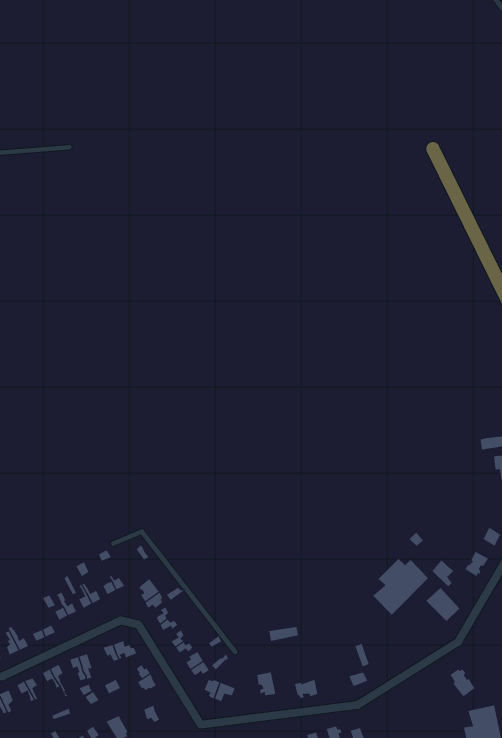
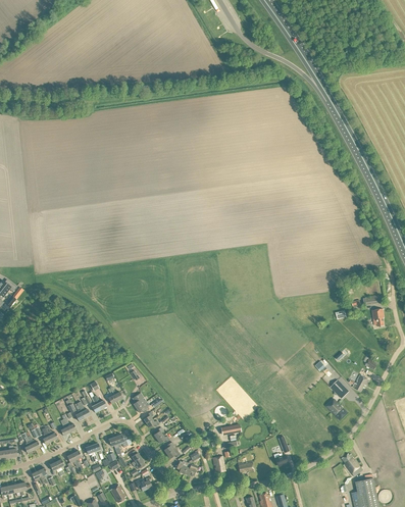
building: [372,558,429,616] -> none

